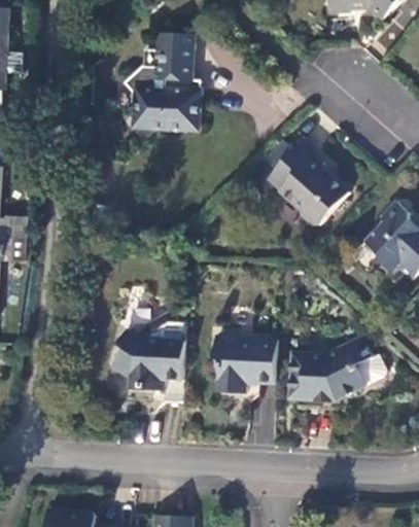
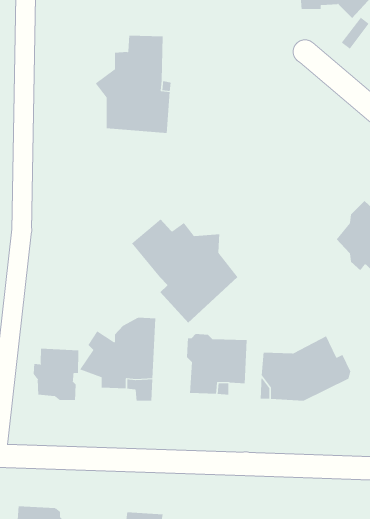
building: [264,141,346,224] -> none
building: none -> [131,218,238,324]
building: none -> [33,348,79,401]

